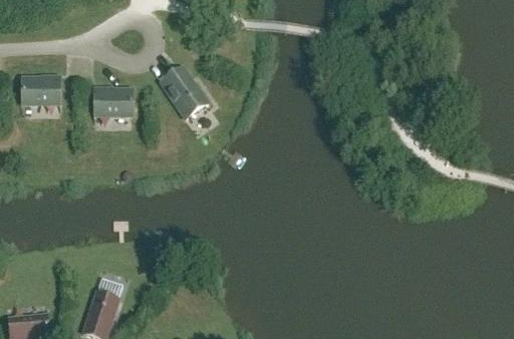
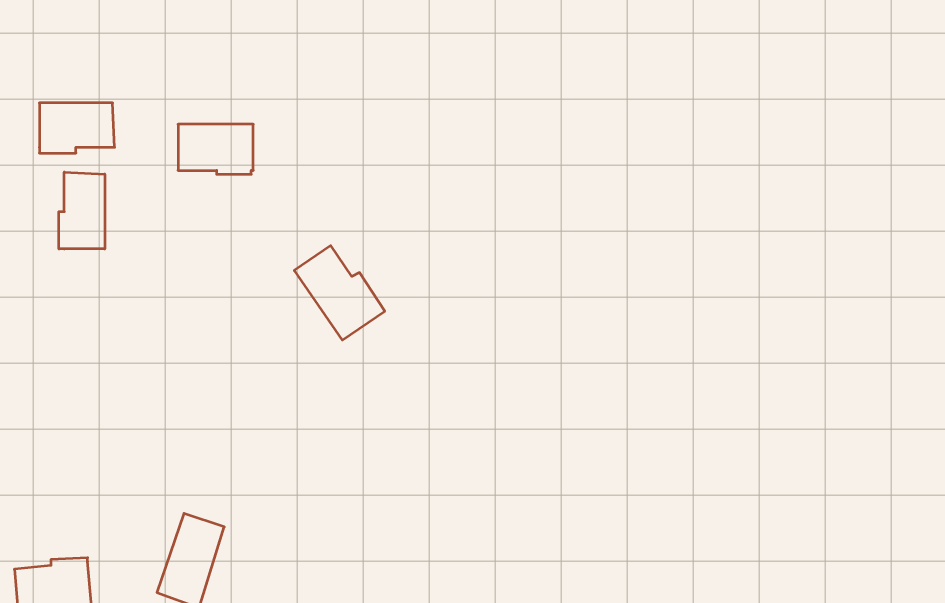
building: [161,68,208,117] -> [294,246,385,340]
building: none -> [59,172,105,249]

